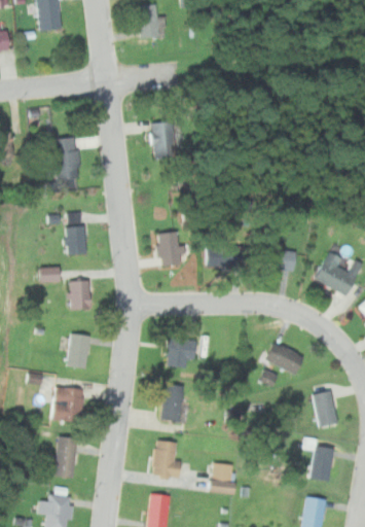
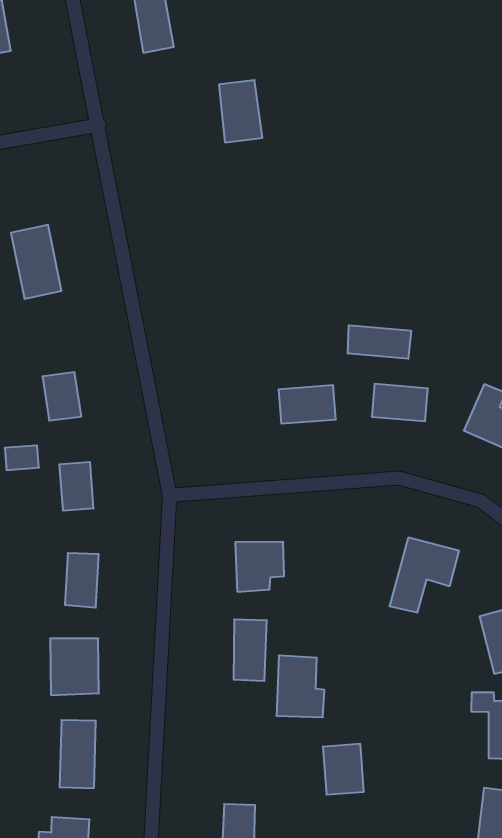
building: [150,122,174,159] -> [219,80,262,142]
building: none -> [348,325,411,359]
building: [156,235,176,266] -> none
building: [153,438,183,478] -> [276,655,324,717]

